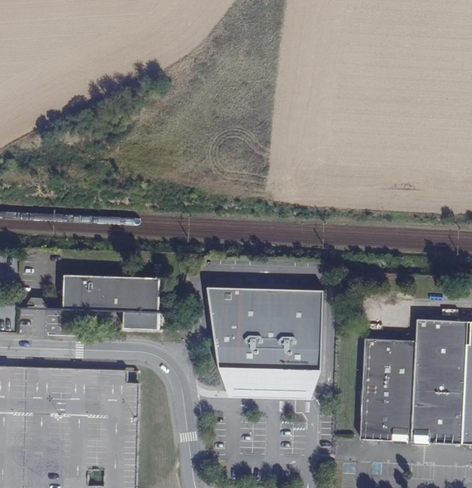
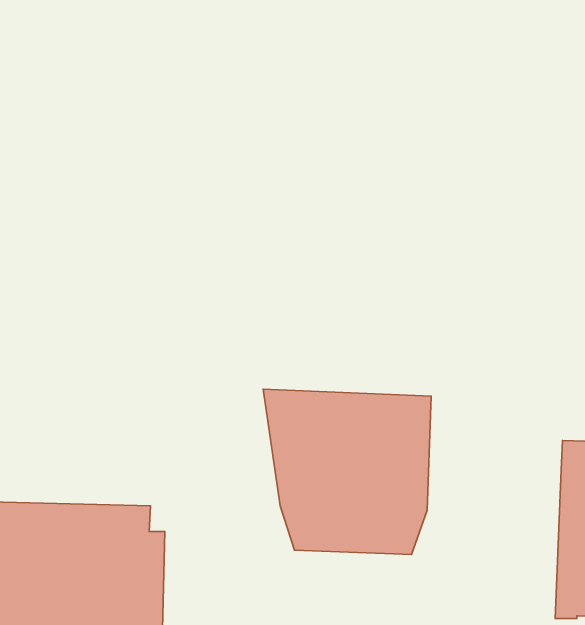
building: [64,273,161,329] -> none
building: [361,338,415,443] -> none

